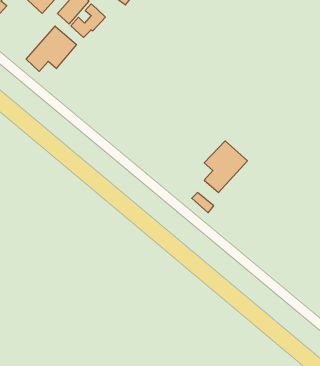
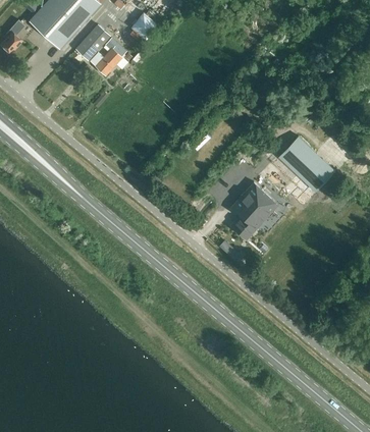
building: [26,26,76,71] -> none
building: none -> [278,138,334,193]

